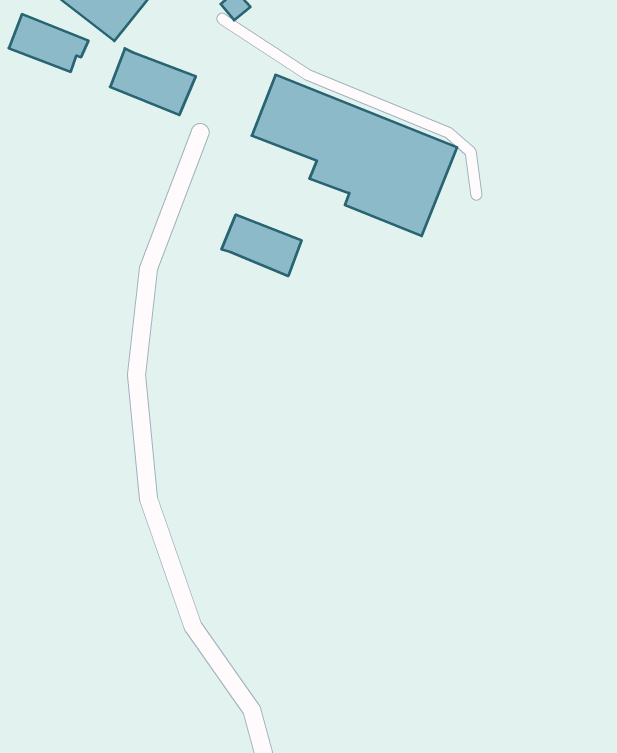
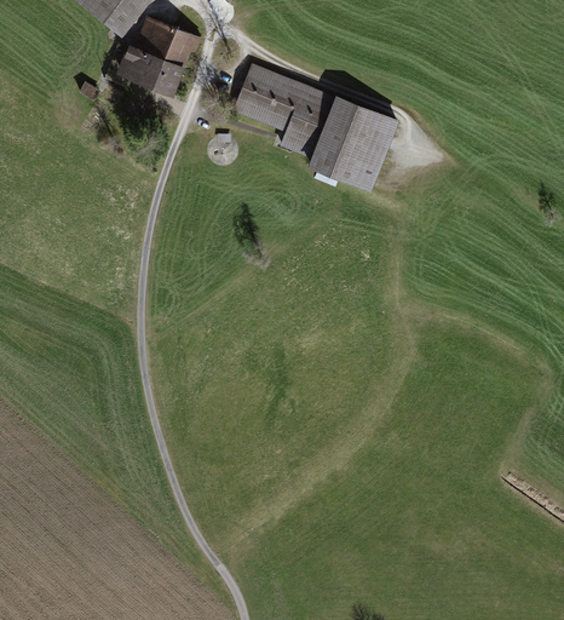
building: [9,14,88,72] -> [134,16,200,63]
building: [222,215,301,276] -> none

